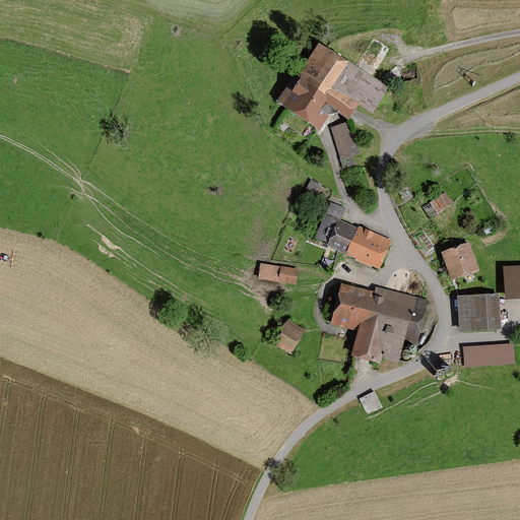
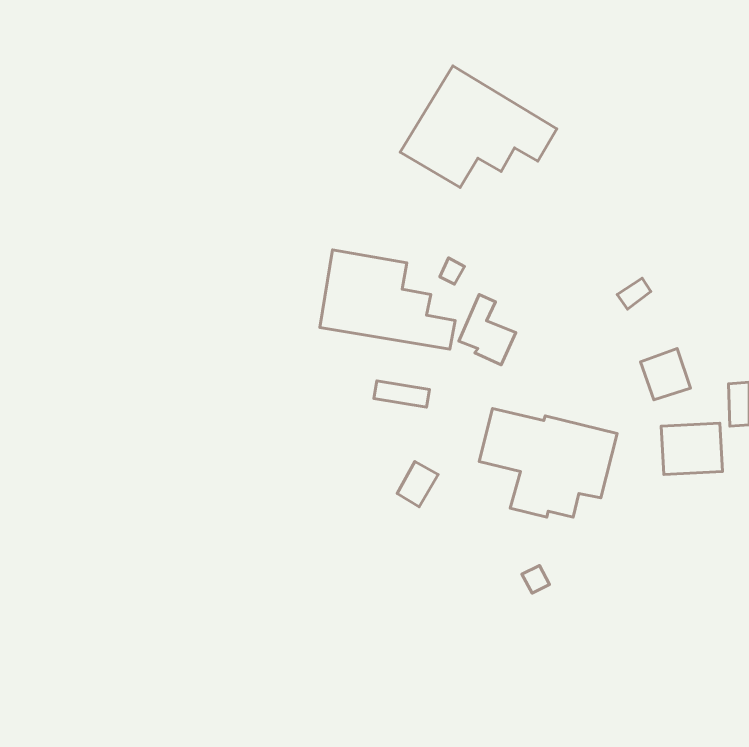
building: [333,125,359,159] -> none
building: none -> [320,250,455,349]
building: [347,228,389,266] -> none
building: [464,343,514,365] -> none

